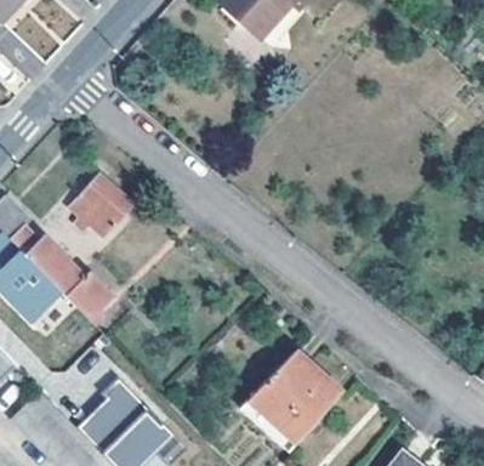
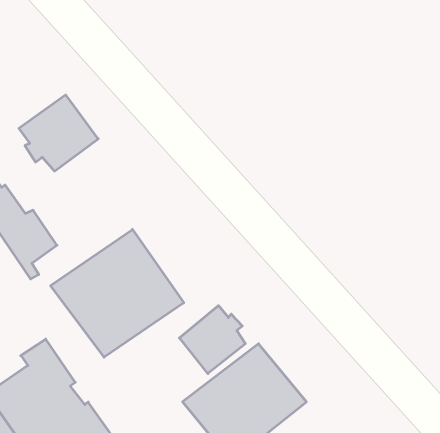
building: none -> [51,229,184,357]
building: none -> [179,306,245,374]

